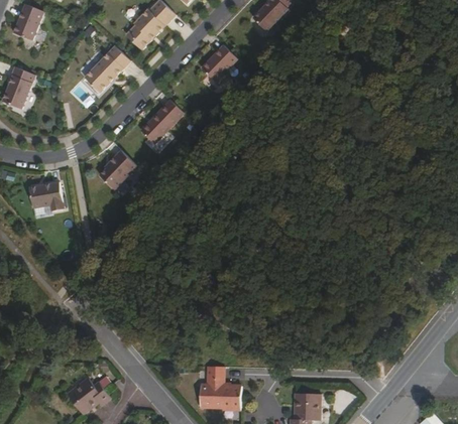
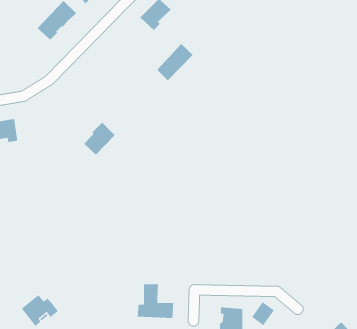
building: [142,97,185,140] -> [156,43,194,81]
building: [101,147,137,185] -> [84,122,115,155]

